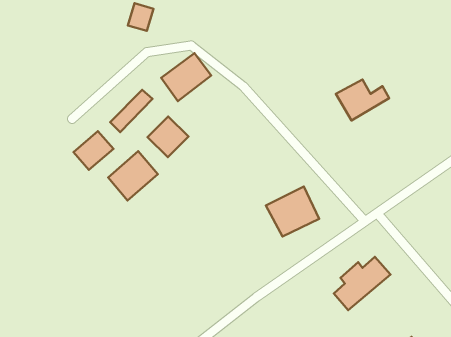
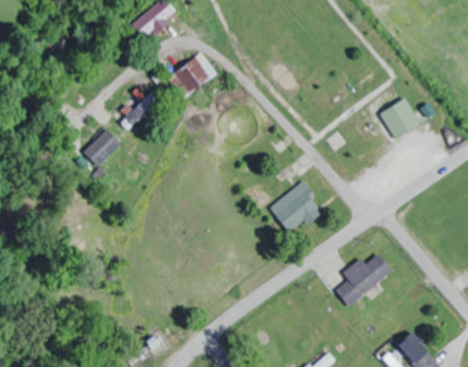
building: [336,79,389,121] -> [380,98,432,139]
building: [148,117,188,157] -> none
building: [108,151,158,200] -> none

